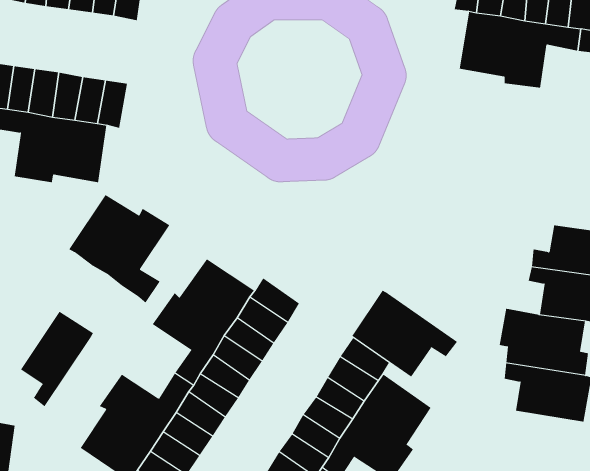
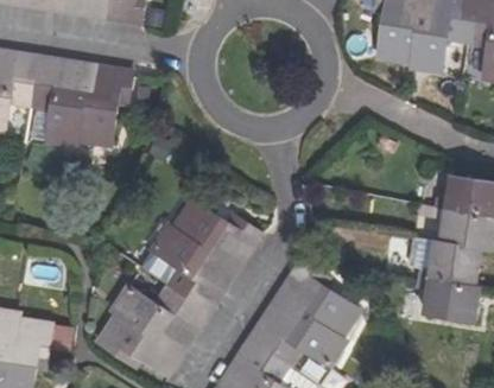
building: [69,194,170,303] -> none
building: [351,290,458,377] -> none
building: [20,311,94,407] -> none

